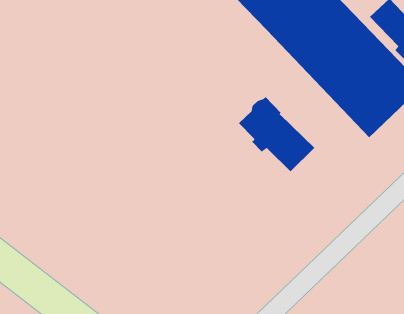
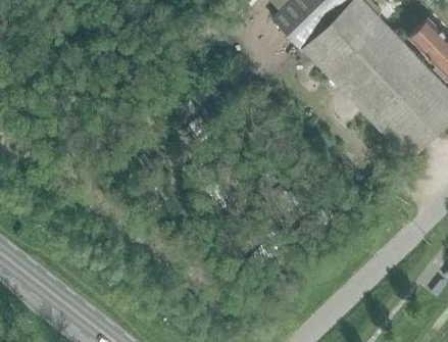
building: [238,96,315,172] -> none

